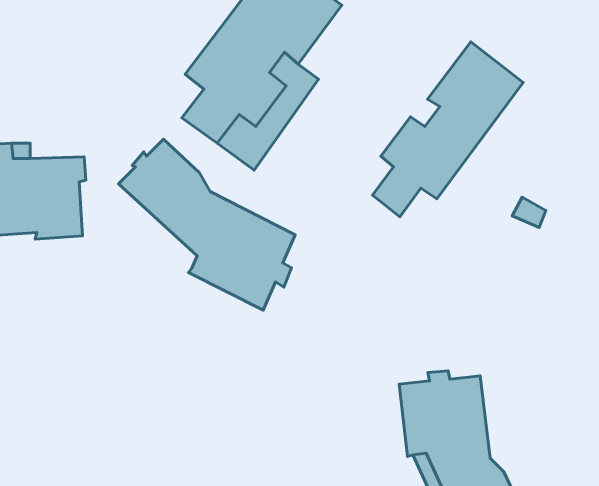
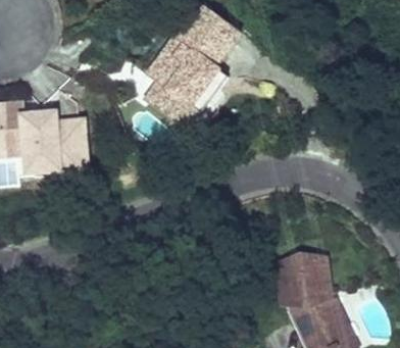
building: [373,42,523,217] -> none
building: [119,139,295,310] -> none

